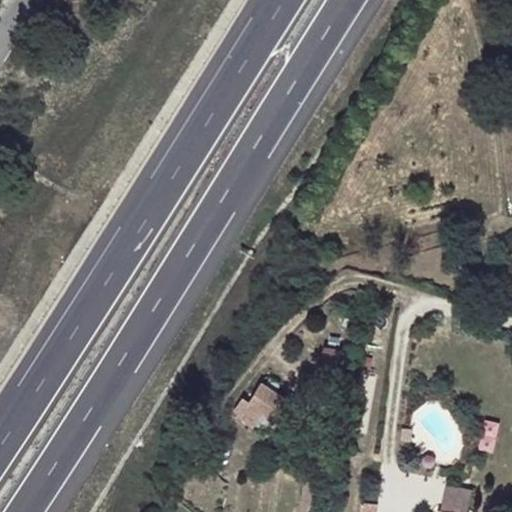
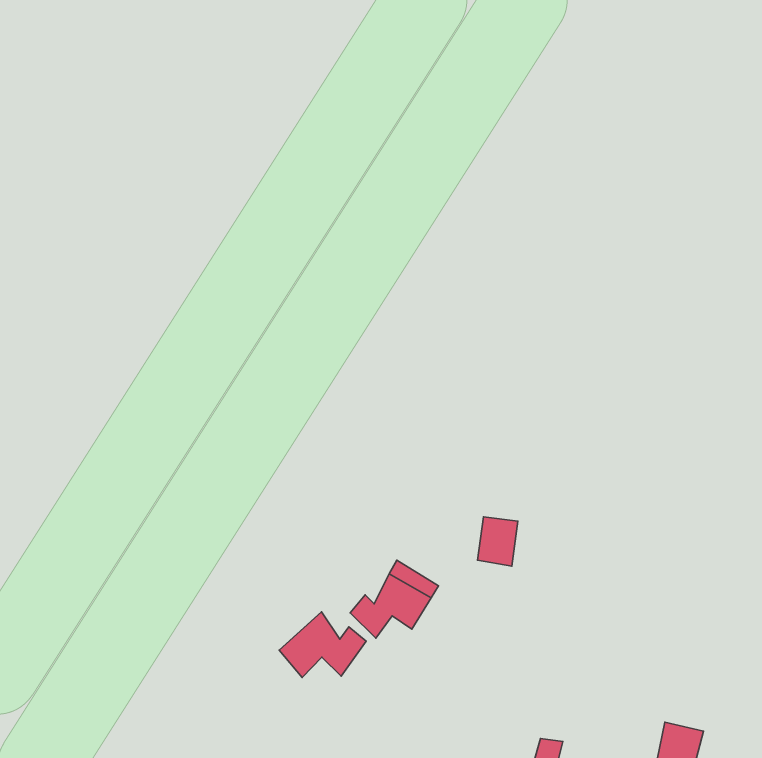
building: none -> [279,612,366,678]

